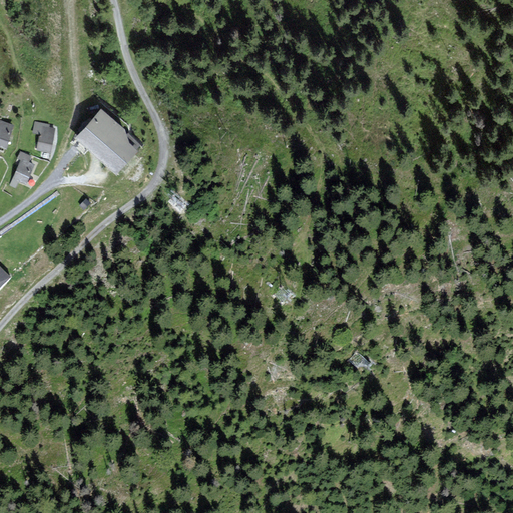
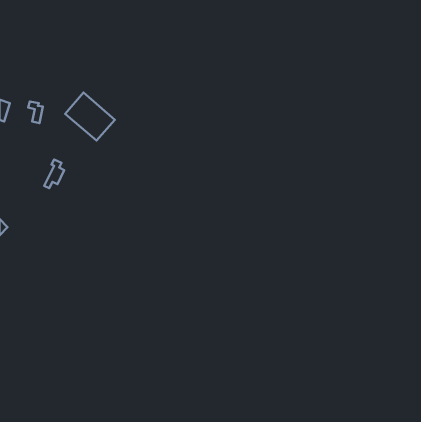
building: [9,152,33,187] -> [44,159,64,188]

